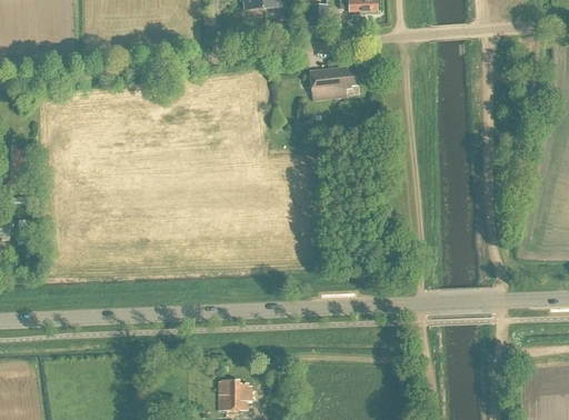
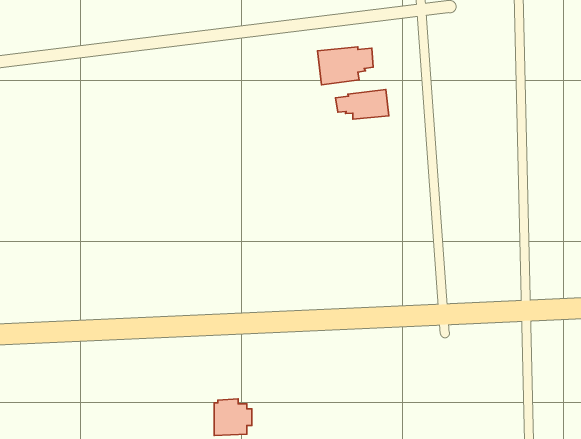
building: none -> [335,89,389,119]

